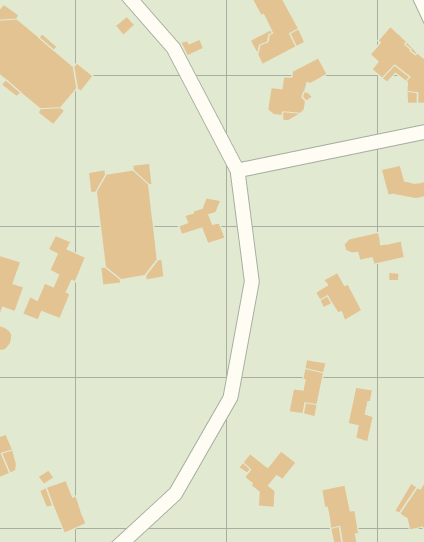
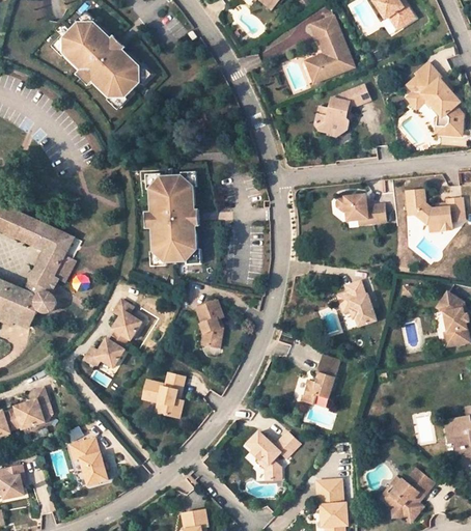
building: [178,198,225,244] -> none
building: [344,232,404,264] -> [330,196,383,224]
building: [23,236,86,320] -> [82,294,144,368]
building: none -> [195,302,222,348]
building: [348,387,373,442] -> none
building: none -> [145,372,185,418]

